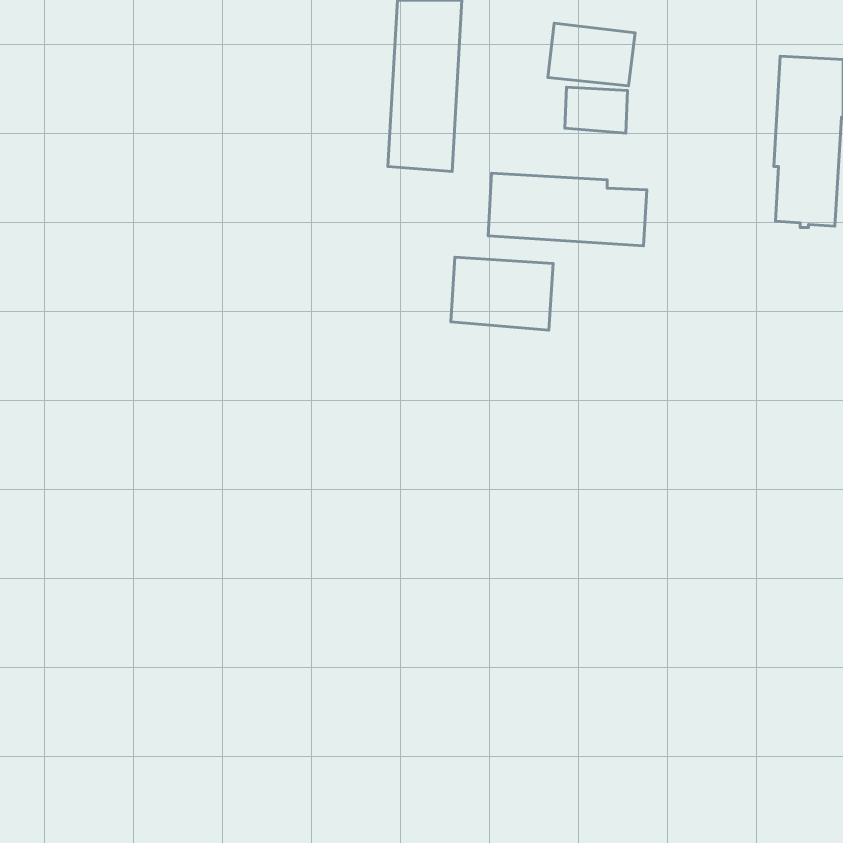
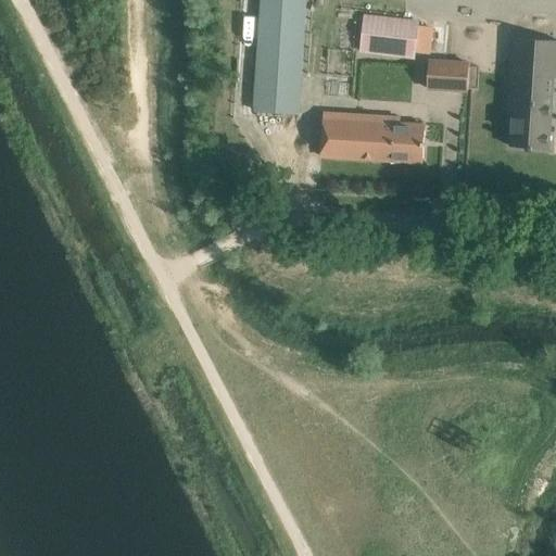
building: [565,87,627,133] -> [428,61,469,91]
building: [451,257,553,330] -> none

